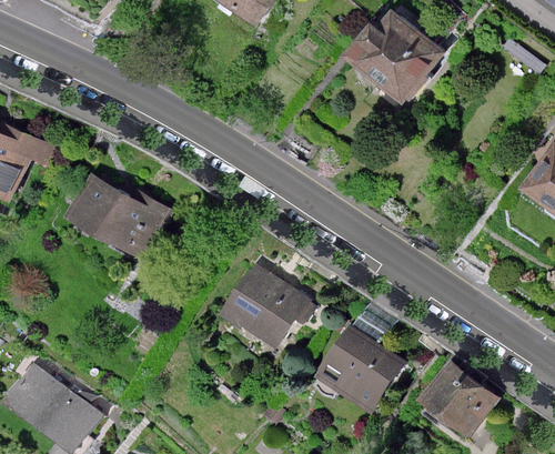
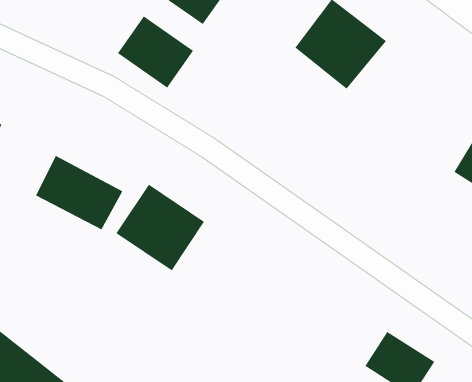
building: none -> [117,15,194,89]
building: [218,261,314,355] -> [116,184,205,271]
building: [315,323,406,412] -> none

